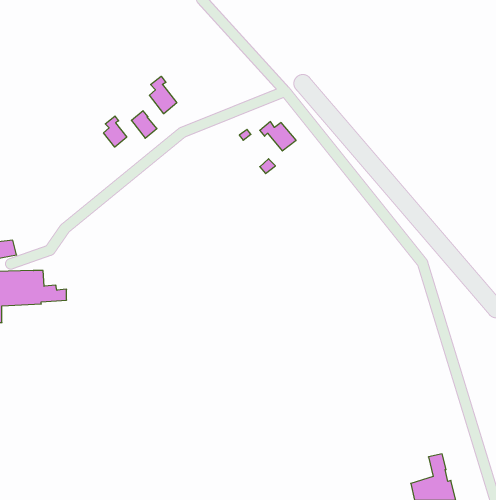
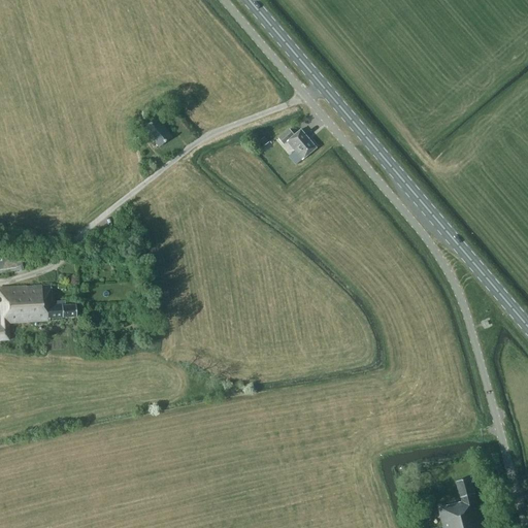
building: [149,76,177,114] -> none
building: [104,116,127,147] -> none

